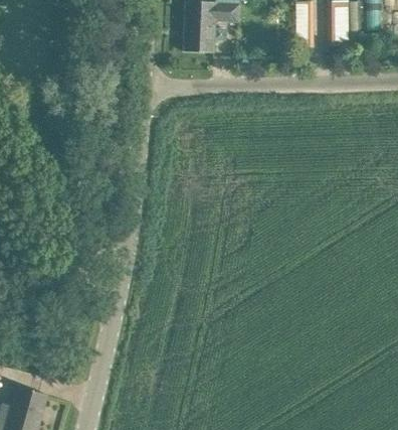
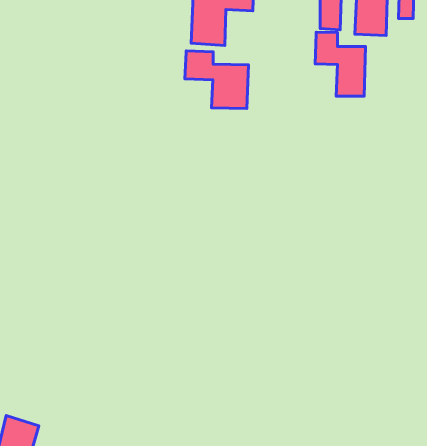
building: none -> [315,32,365,96]
building: none -> [185,51,248,108]

